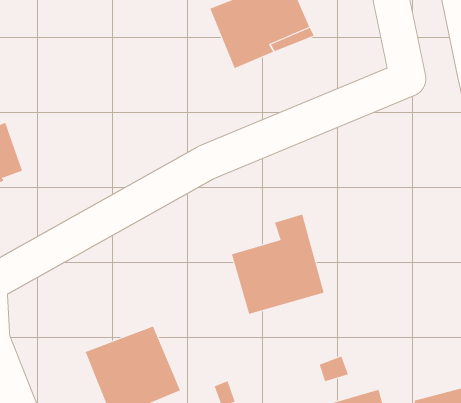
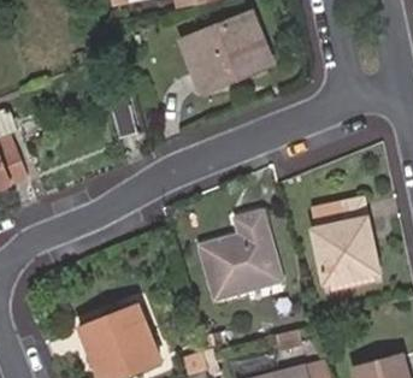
building: none -> [312,200,376,293]

